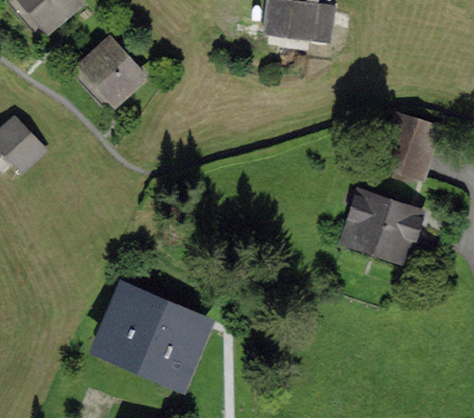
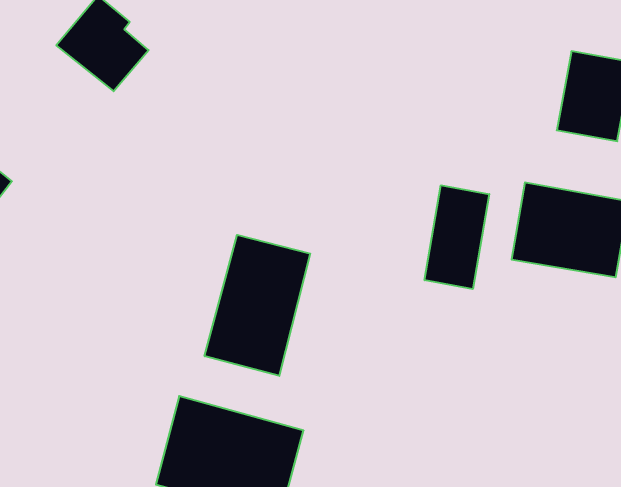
building: none -> [425,185,489,289]
building: none -> [205,235,310,376]

